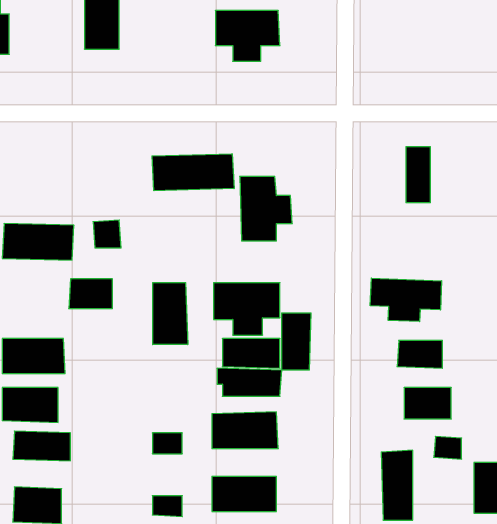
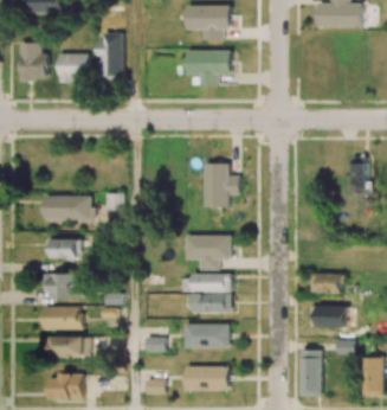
building: none -> [58,53,86,82]
building: [406,147,430,203] -> [350,155,367,193]
building: [152,154,234,191] -> none
building: [370,278,442,322] -> none
building: [69,279,112,309] -> [50,238,79,258]
building: [153,283,188,345] -> none
building: [282,313,311,370] -> none

